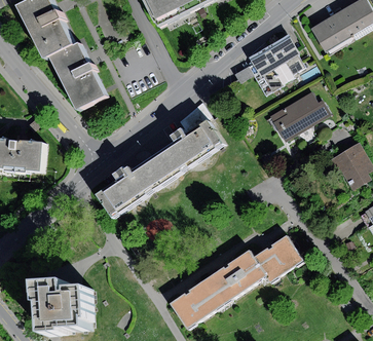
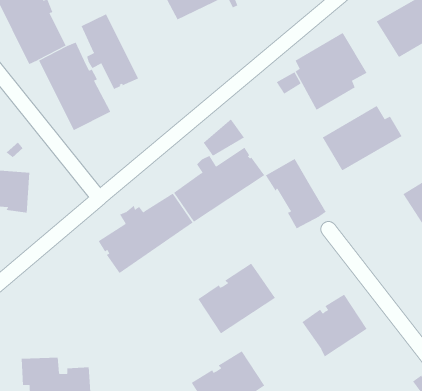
building: none -> [81,14,139,90]
building: none -> [265,158,326,229]
building: [207,250,266,304] -> [198,263,276,334]

